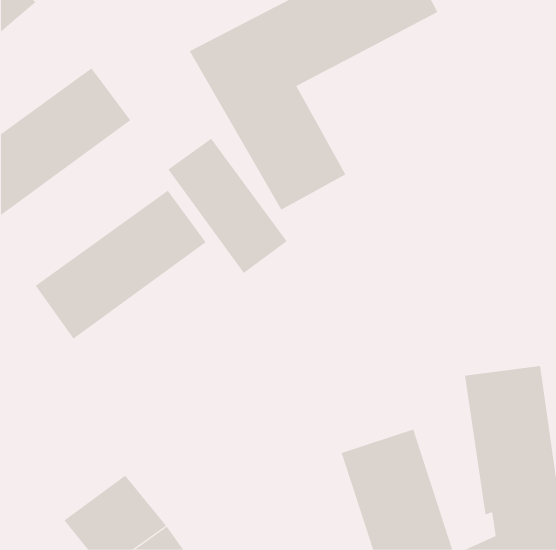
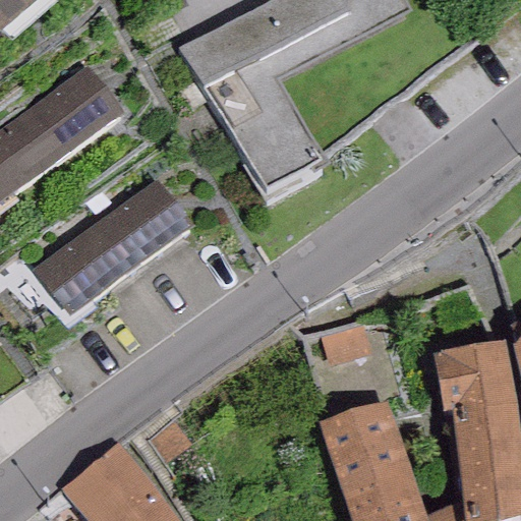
building: [168,138,288,274] -> none

